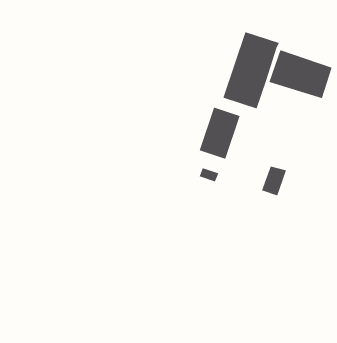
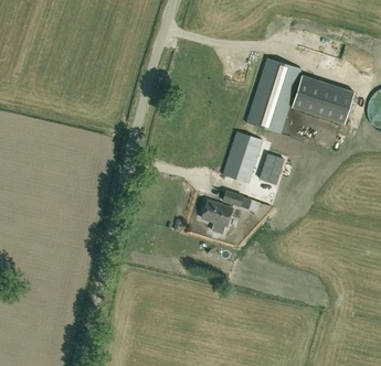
building: [261,166,287,196] -> [258,154,284,184]
building: none -> [201,200,232,226]

